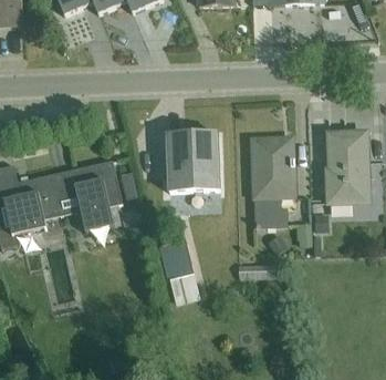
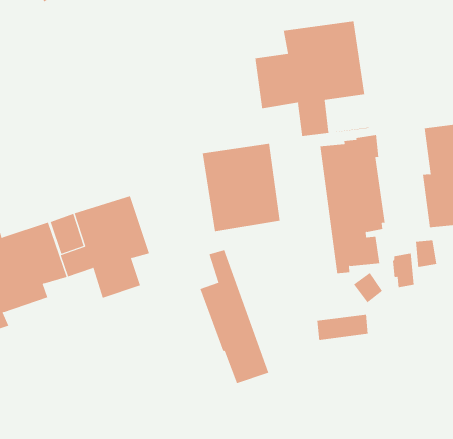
building: none -> [255,21,369,137]

